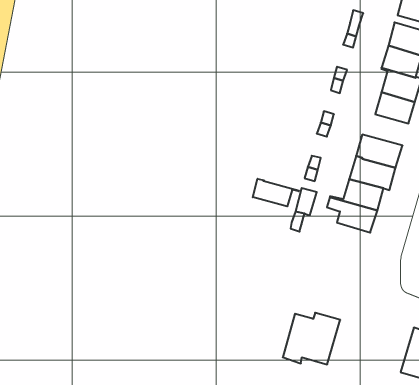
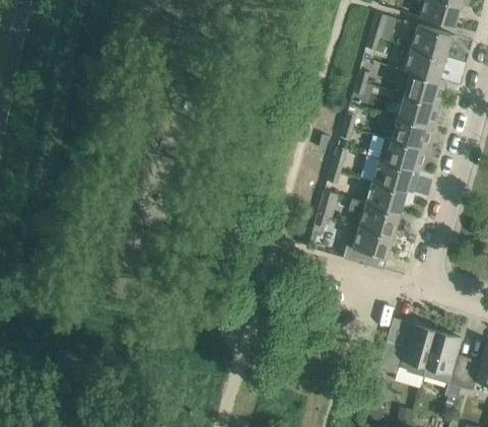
building: none -> [385,116,431,147]
building: [253,179,299,206] -> none
building: none -> [343,224,393,266]
building: [283,313,340,364] -> [378,323,436,374]

